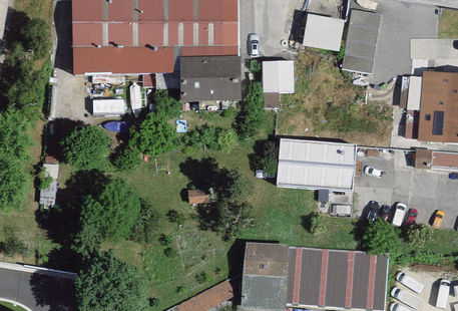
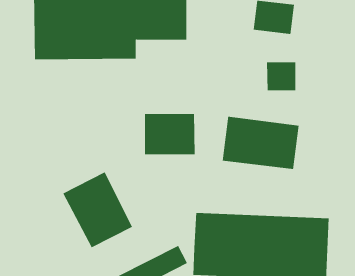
building: [180,55,236,99] -> [144,113,196,155]
building: [264,58,296,89] -> [266,62,296,91]
building: none -> [63,172,133,248]

